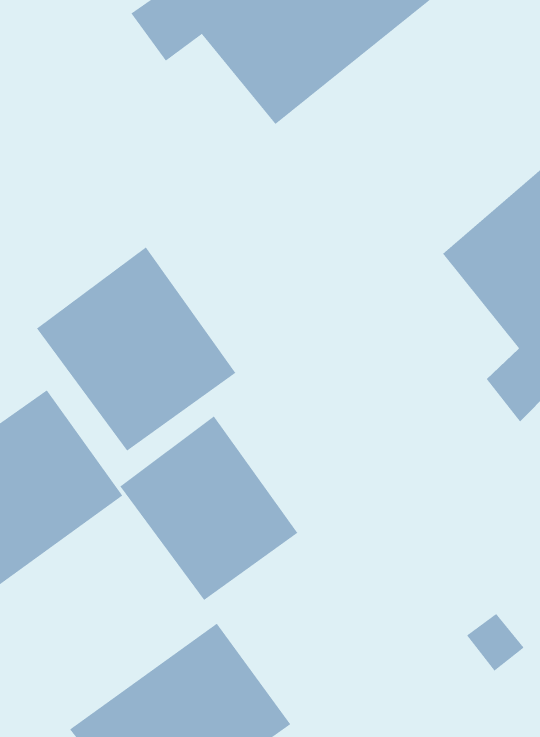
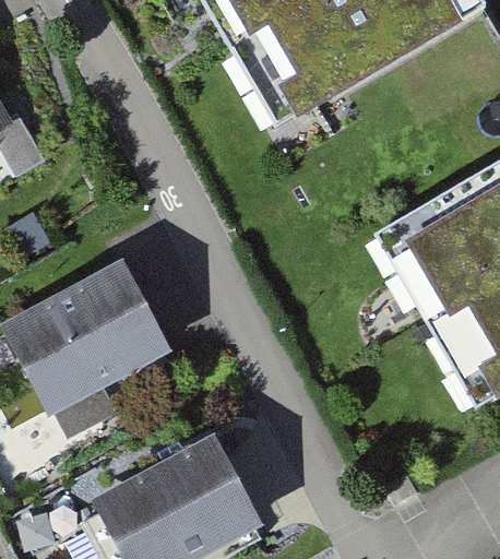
building: [36,247,236,452] -> none
building: [120,415,298,601] -> none

